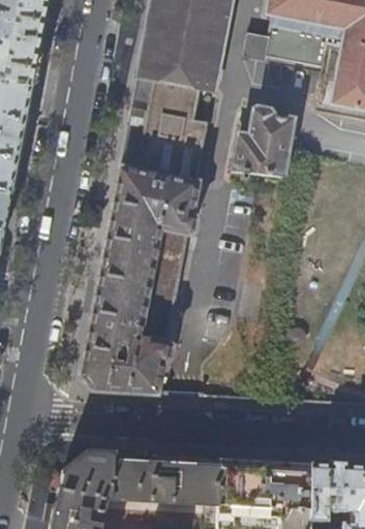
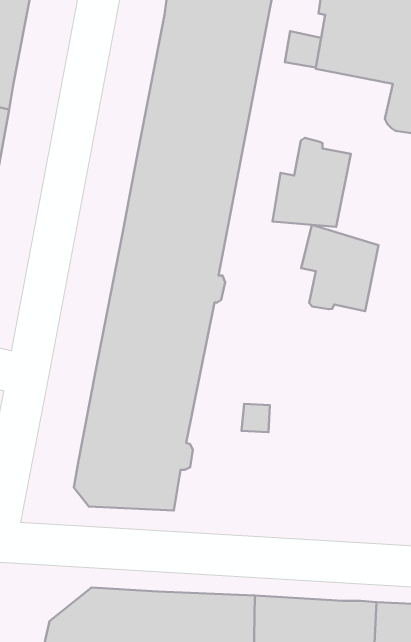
building: none -> [301,225,379,311]

